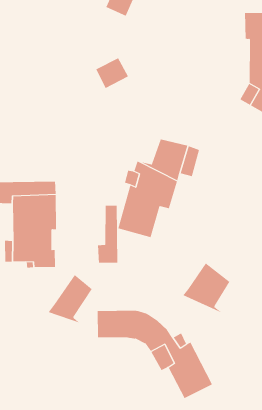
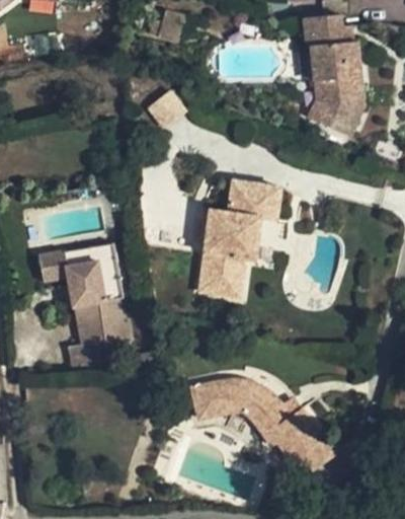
building: [98,205,118,264] -> none
building: [183,263,230,315] -> none
building: [48,274,92,324] -> none

